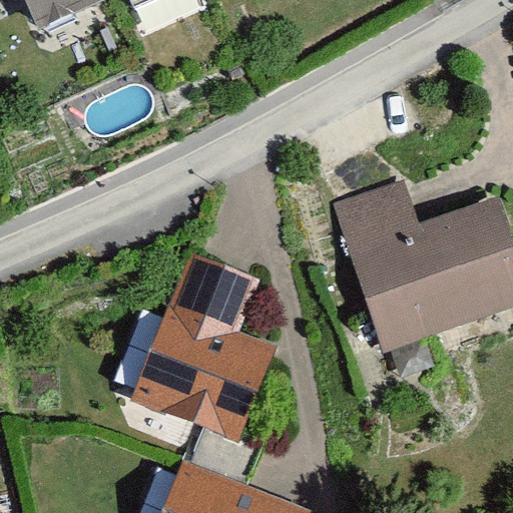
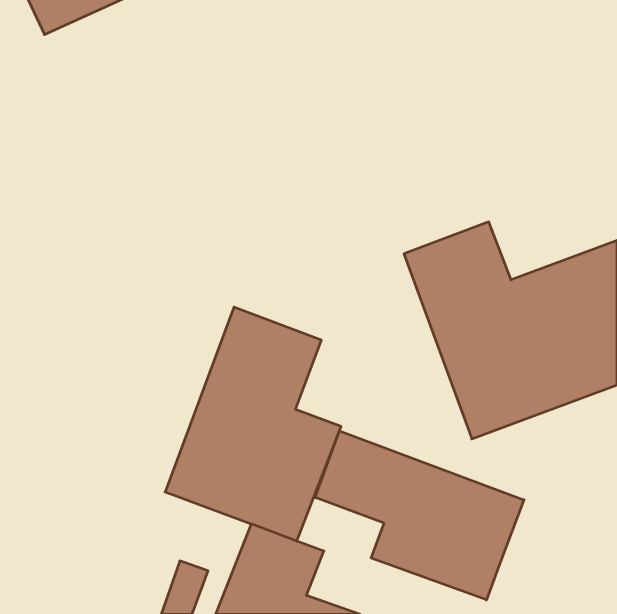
building: none -> [315,431,524,600]

